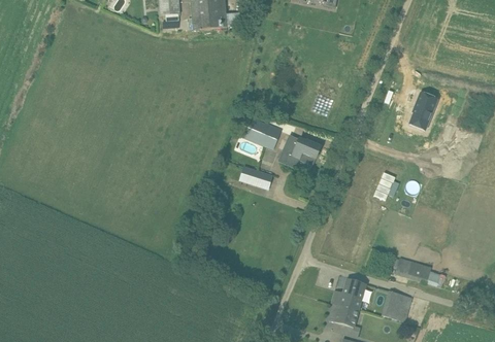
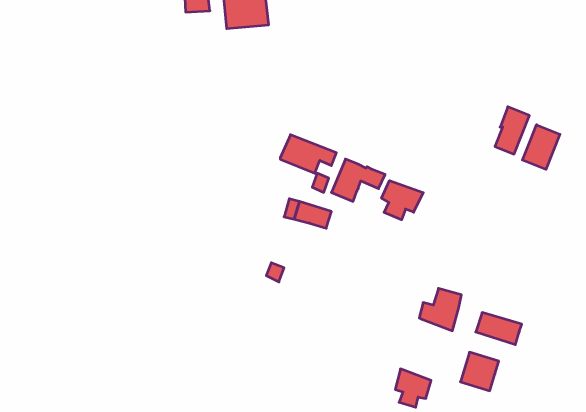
building: none -> [522,125,560,169]
building: none -> [382,181,423,220]
building: [331,278,365,312] -> [419,288,461,331]

